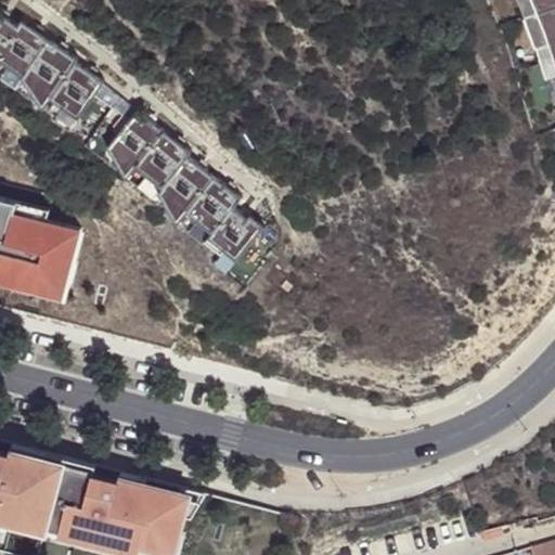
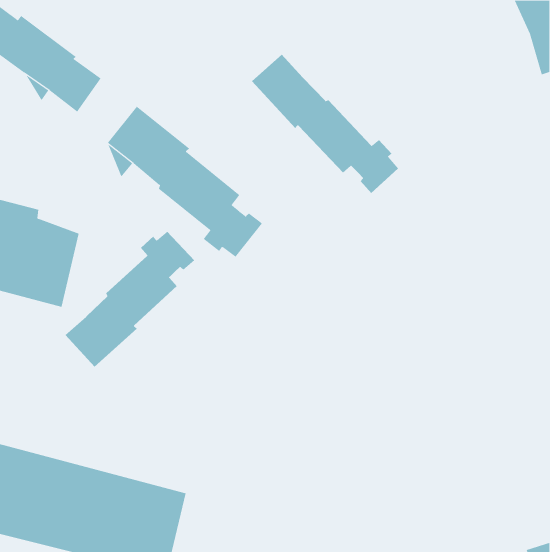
building: none -> [251,54,399,194]
building: none -> [65,231,195,367]

